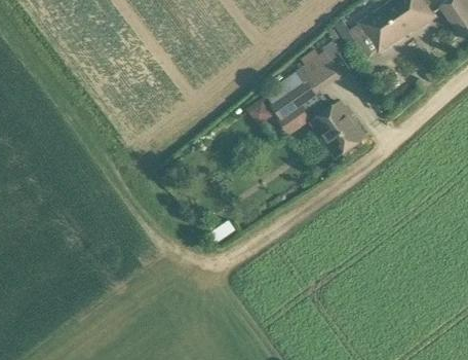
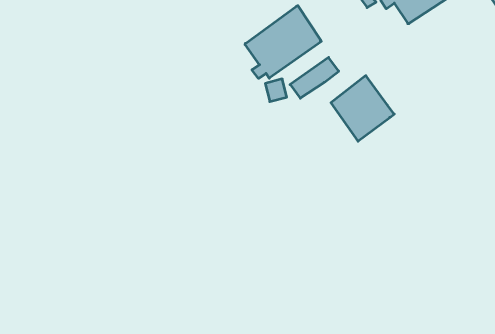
building: none -> [245,6,321,78]

